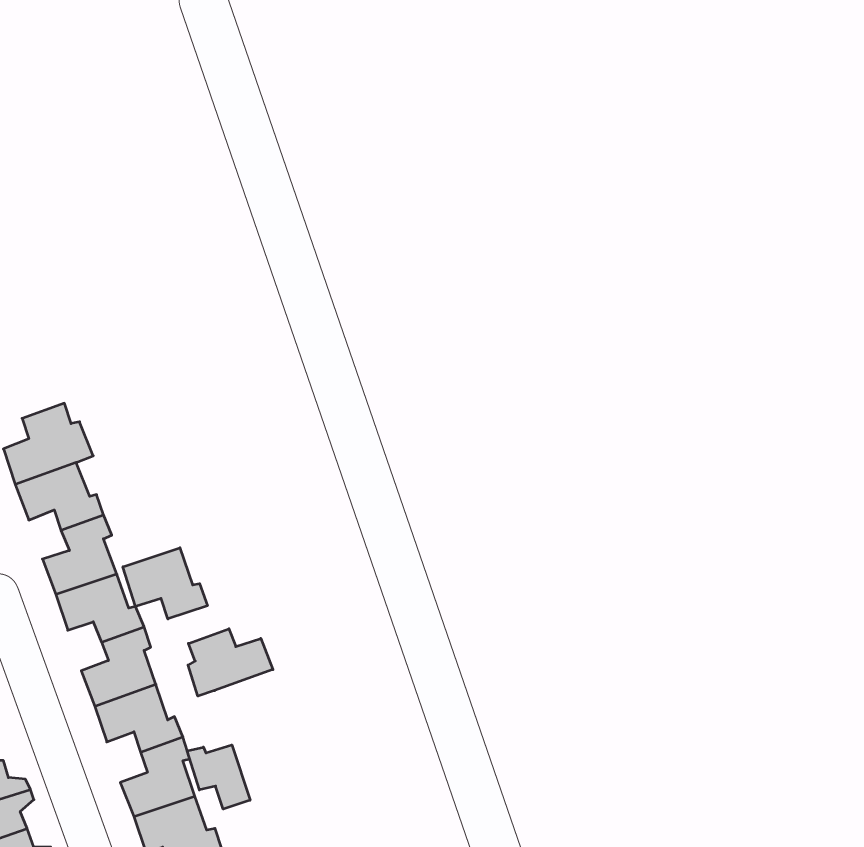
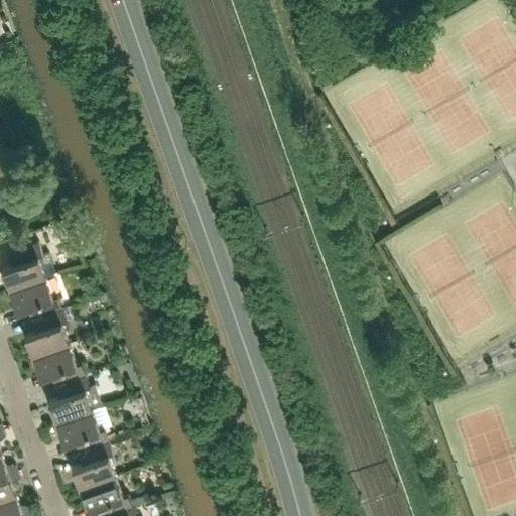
building: [123,548,207,619] -> none
building: [188,629,273,696] -> none
building: [187,745,250,809] -> none

